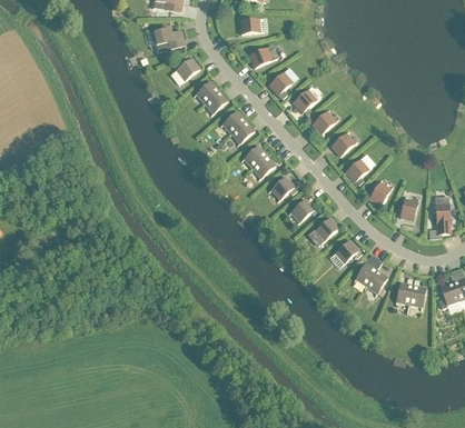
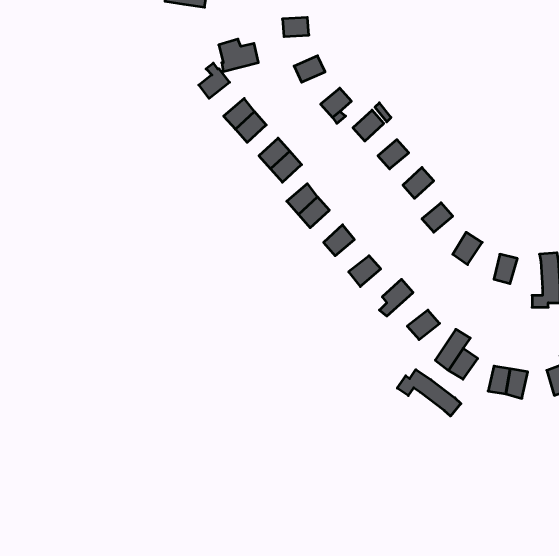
building: [154,27,184,51] -> [219,39,258,71]
building: none -> [397,370,461,416]

